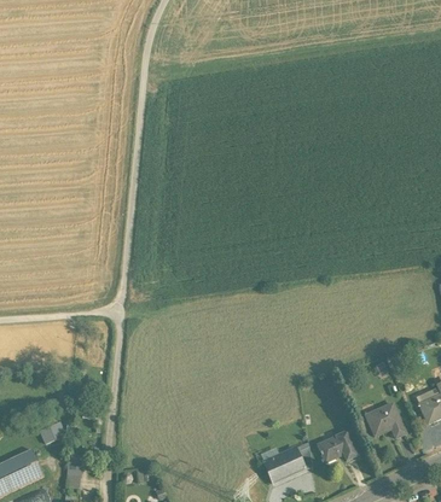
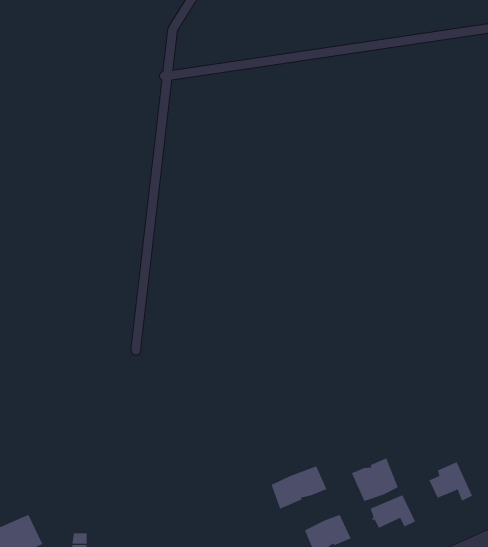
building: none -> [351,457,399,502]
building: none -> [271,466,327,509]

